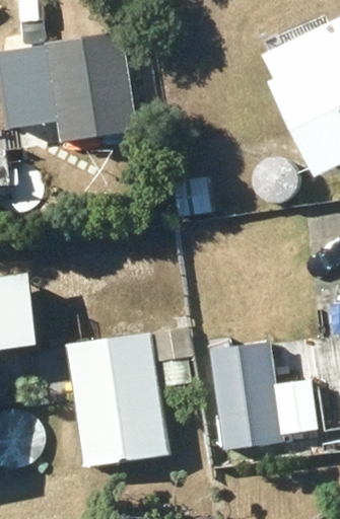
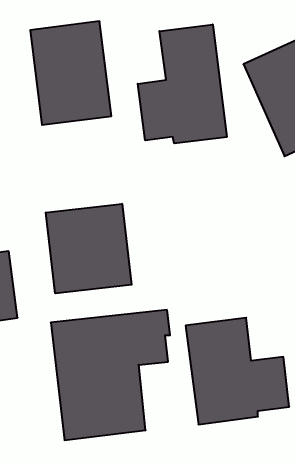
building: none -> [138,24,227,143]
building: none -> [46,204,132,293]

